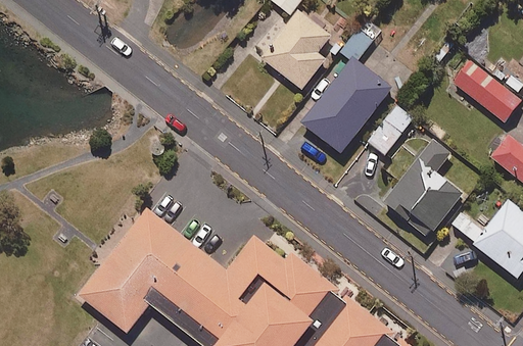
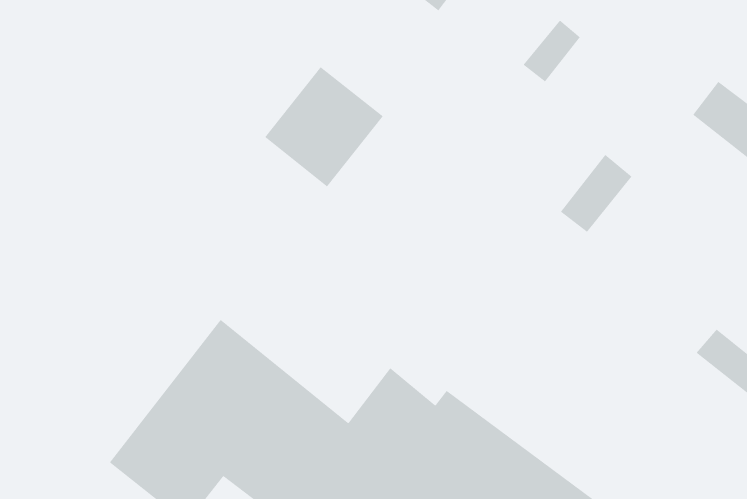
building: [263,13,338,90] -> [264,66,384,187]
building: [300,60,393,155] -> none
building: [384,139,462,236] -> none

